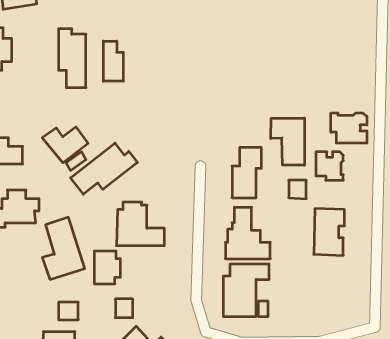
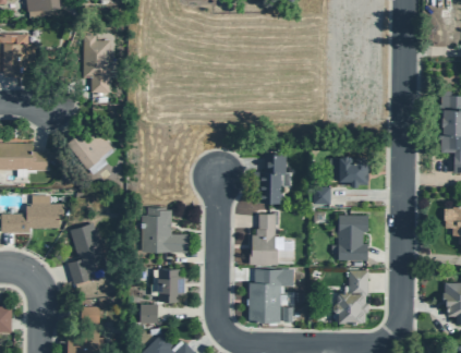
building: [103,41,123,81] -> none
building: [331,113,367,143] -> none
building: [271,118,304,165] -> none
building: [71,143,137,194] -> none
building: [94,251,120,284] -> [158,269,184,302]
building: none -> [333,270,368,325]

